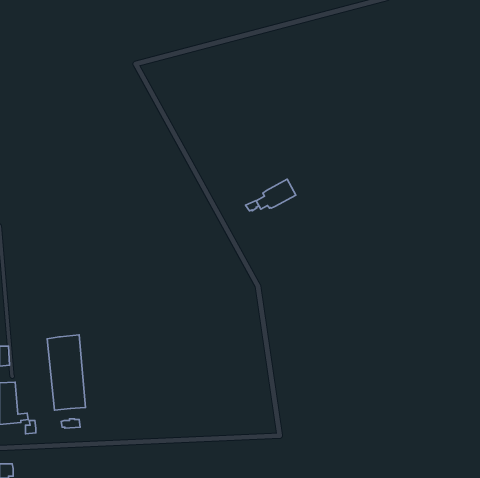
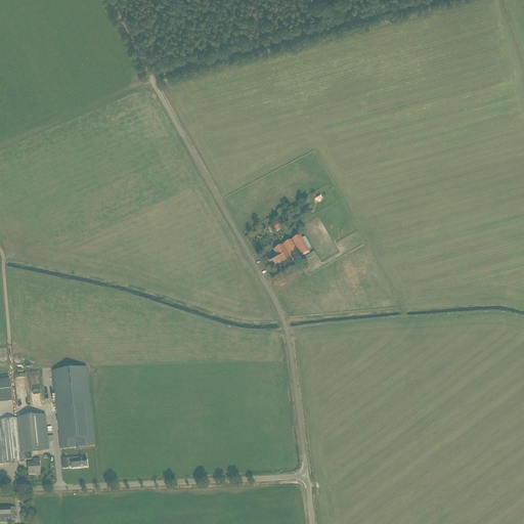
building: [256,179,296,209] -> [265,232,308,265]
building: none -> [16,412,48,450]

